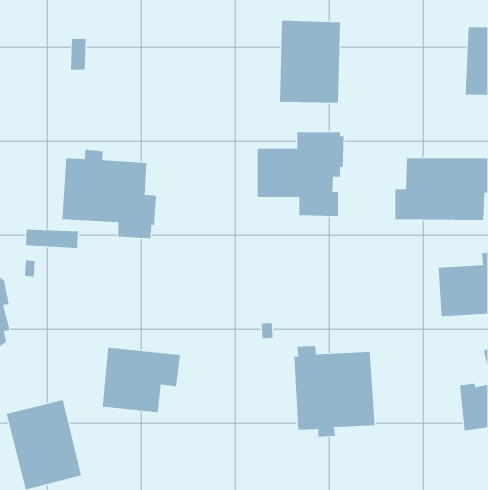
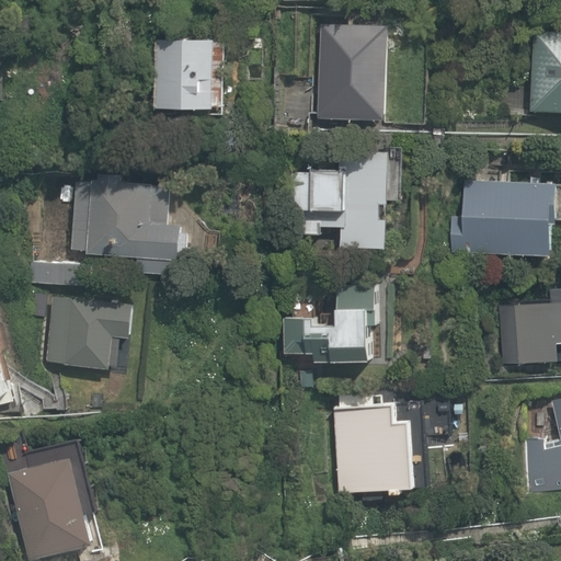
building: none -> [154,42,226,111]
building: none -> [284,284,377,360]
building: [102,347,181,413] -> [44,296,134,370]

